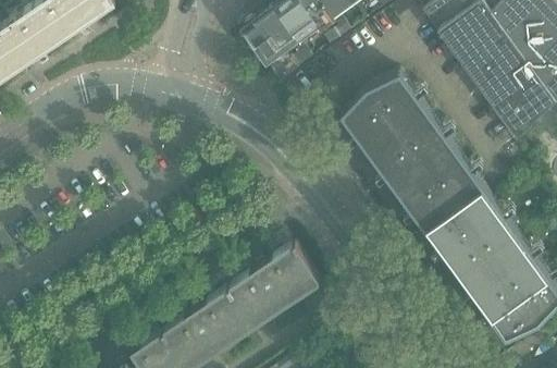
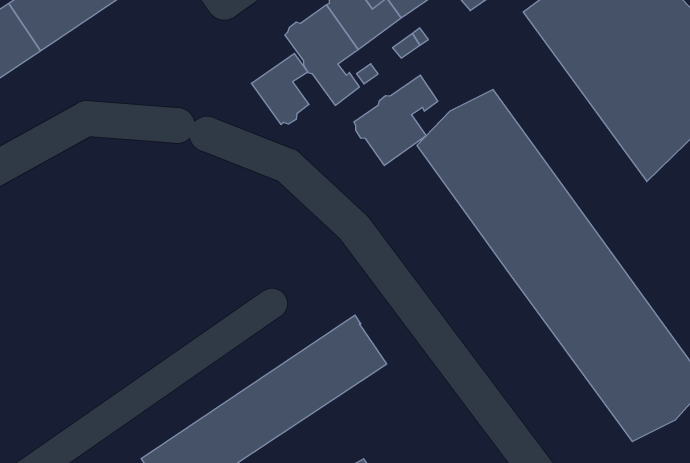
building: none -> [251,53,309,125]
building: none -> [354,75,438,166]

